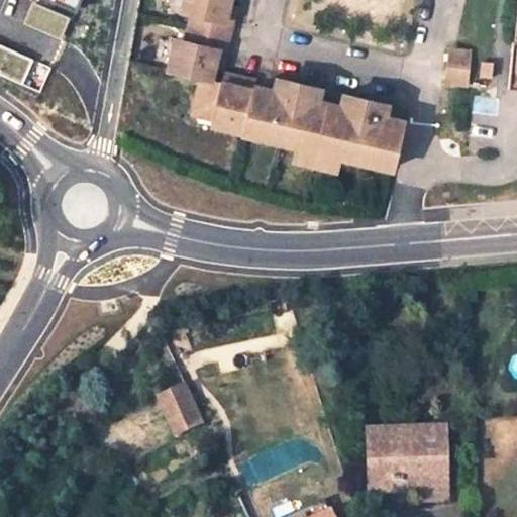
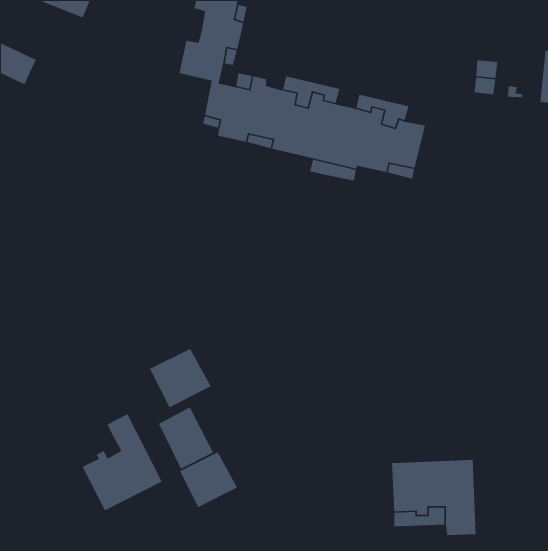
building: none -> [149,348,212,408]
building: none -> [82,413,163,512]
building: none -> [179,451,238,508]

